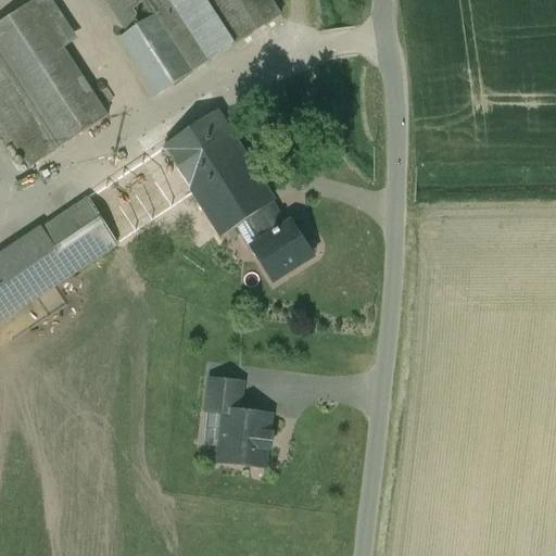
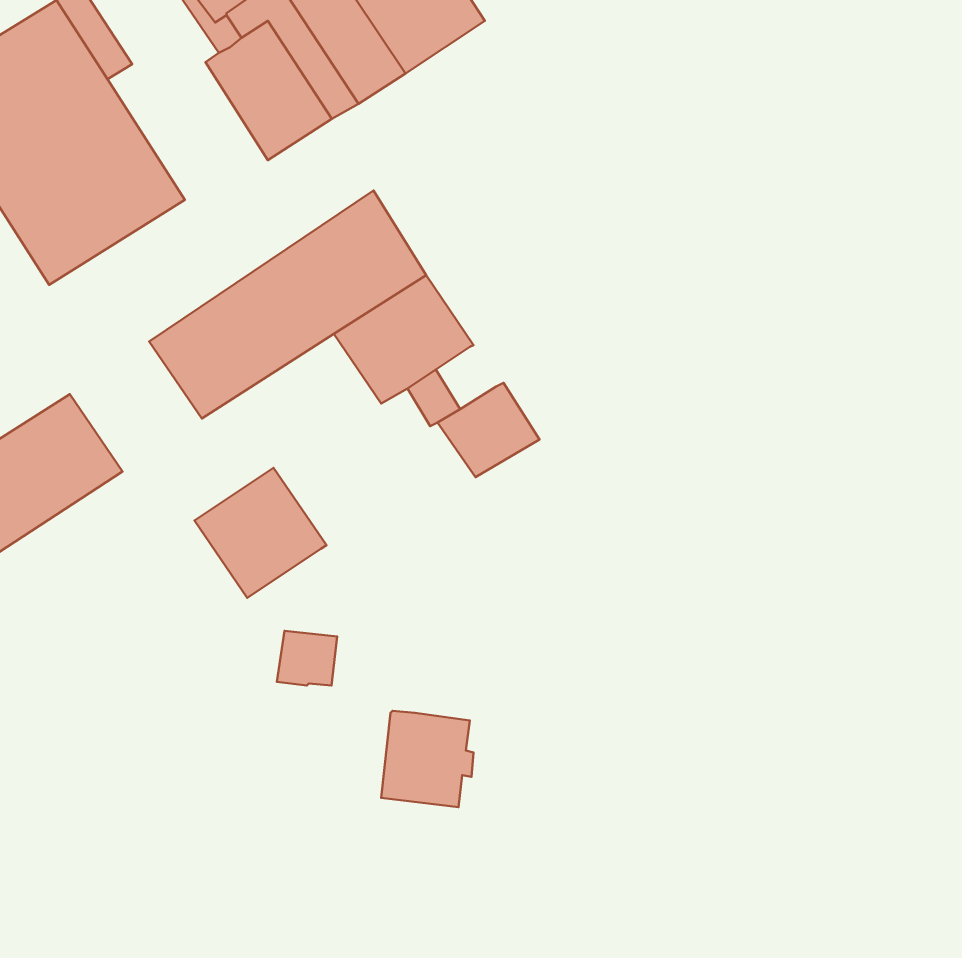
building: [40,197,116,271] -> [194,468,326,598]
building: [251,200,286,236] -> none
building: [207,379,242,410] -> [277,631,337,686]

